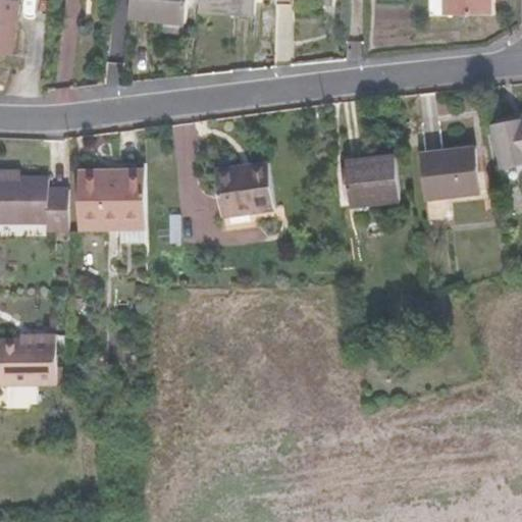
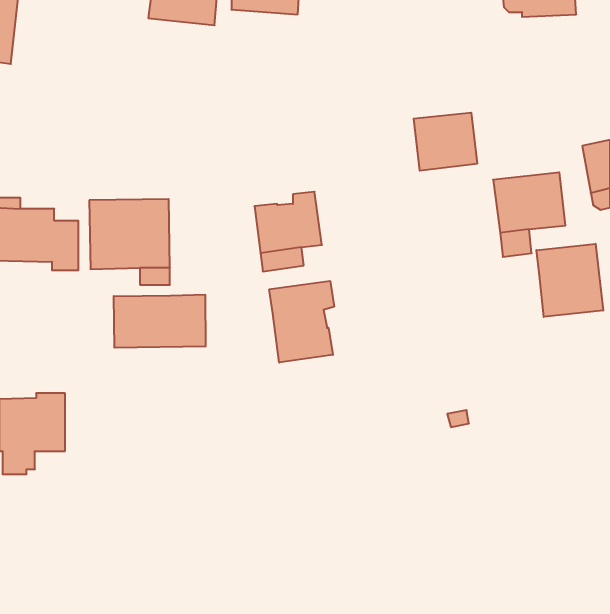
building: [344,154,398,203] -> [414,113,477,171]
building: none -> [536,244,603,317]
building: none -> [269,281,334,363]
building: none -> [114,295,206,348]

